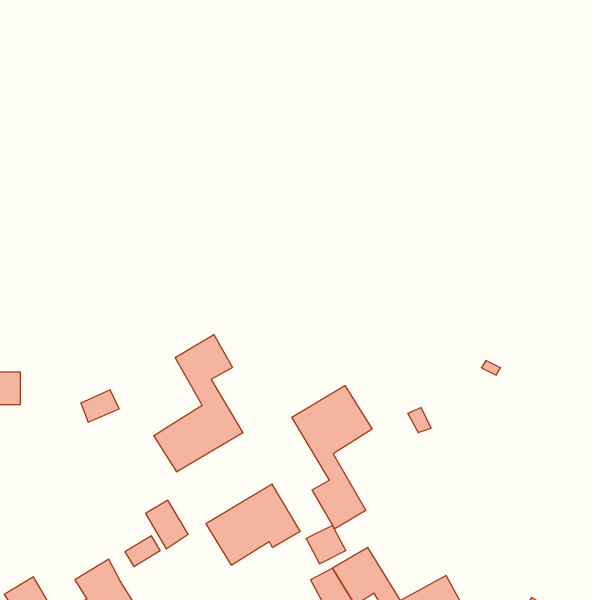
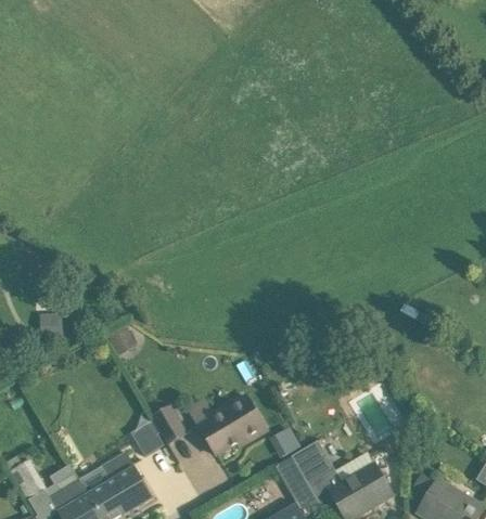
building: [154,334,243,472] -> none
building: [292,386,372,529] -> none

